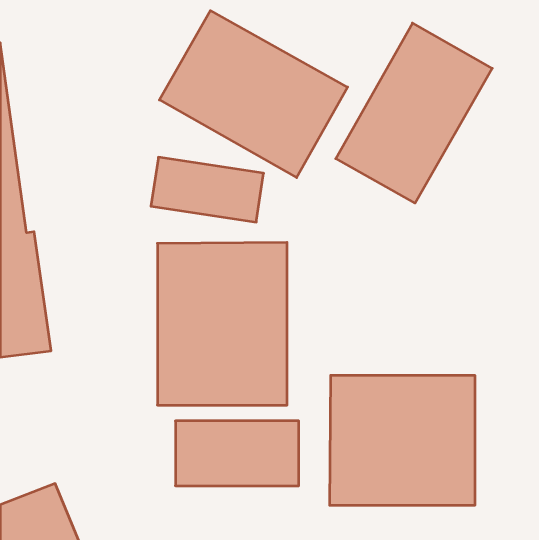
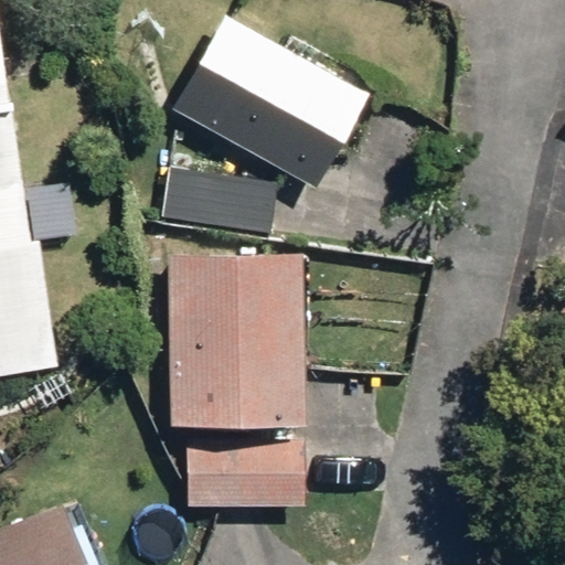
building: [336,23,492,203] -> none
building: [330,375,475,505] -> none

